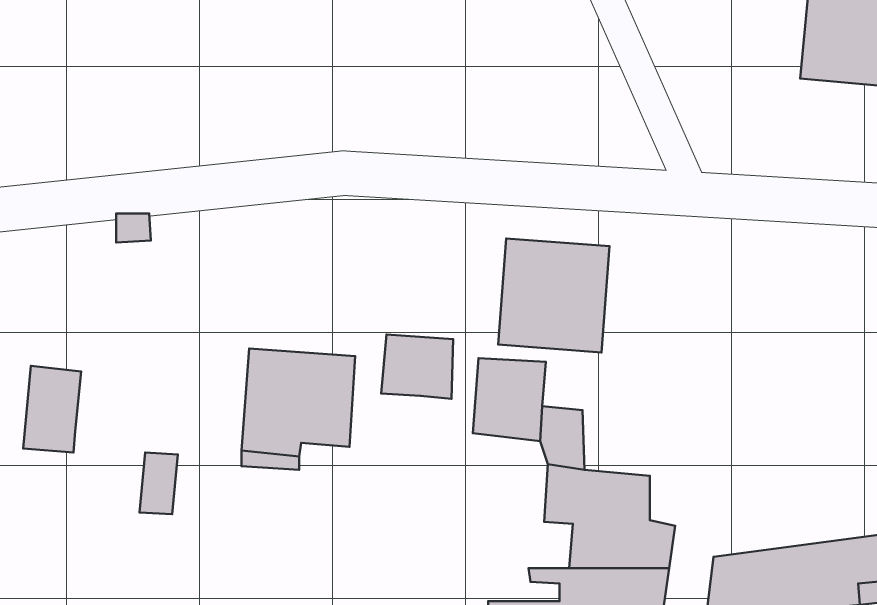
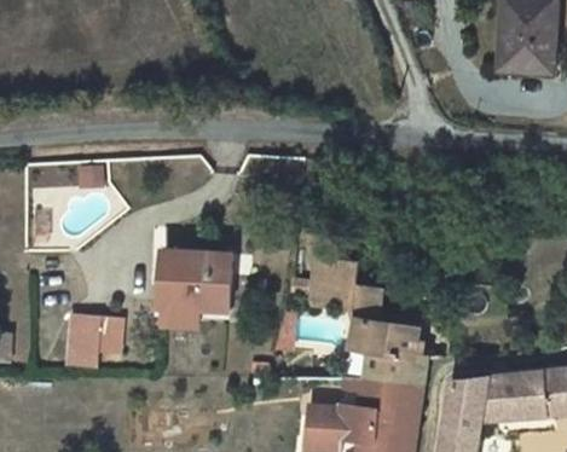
building: [498,238,609,352] -> none
building: [381,335,453,399] -> none
building: [23,366,81,452] -> [59,312,96,366]

